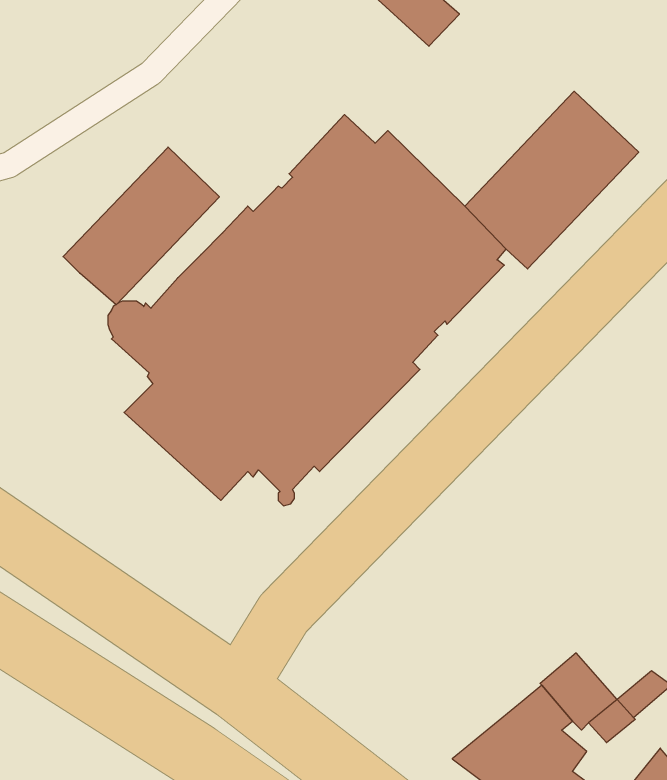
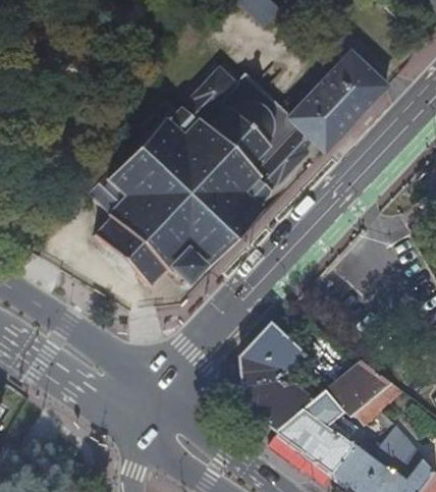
building: [63,147,219,305] -> none
building: none -> [241,322,319,433]
building: none -> [349,361,392,399]

